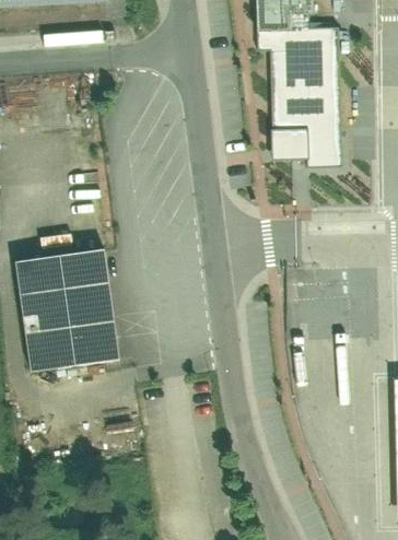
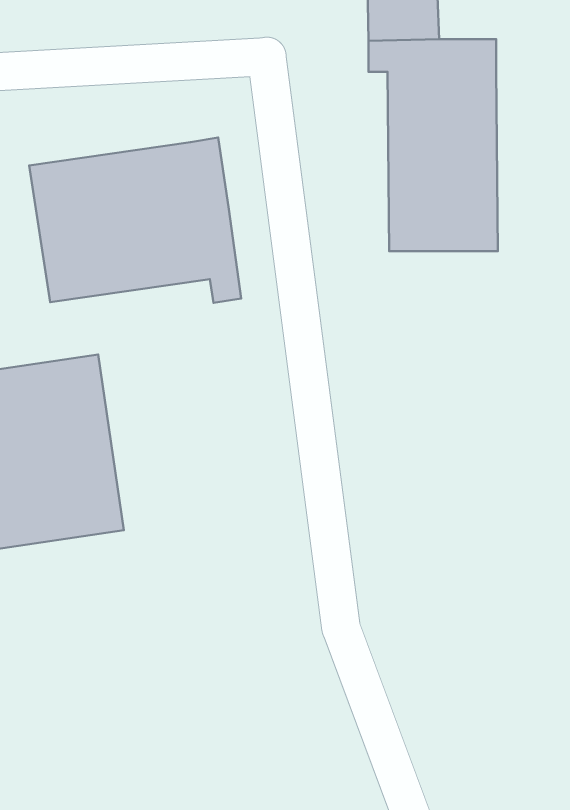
building: none -> [29,138,241,303]

